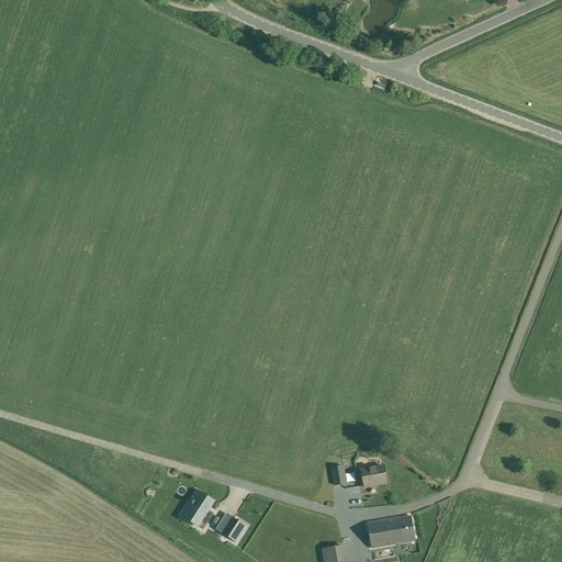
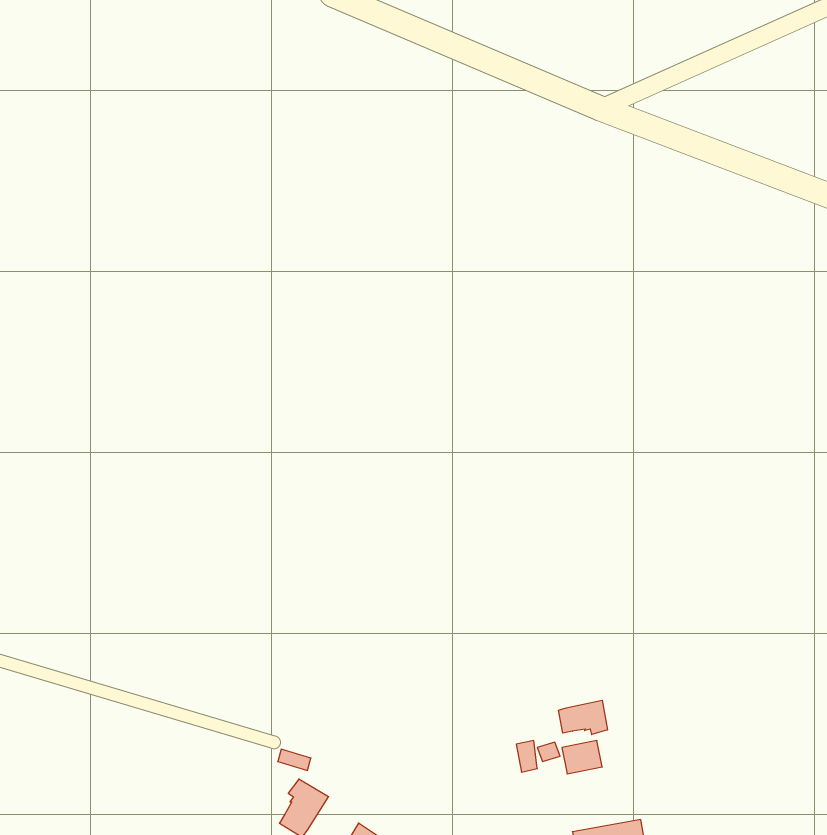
building: none -> [558,700,607,735]

